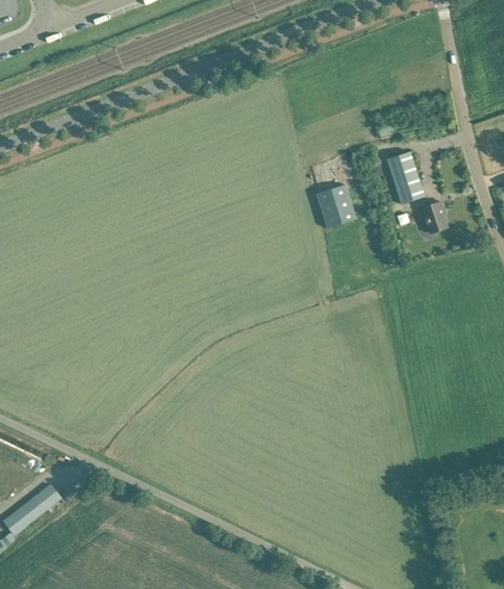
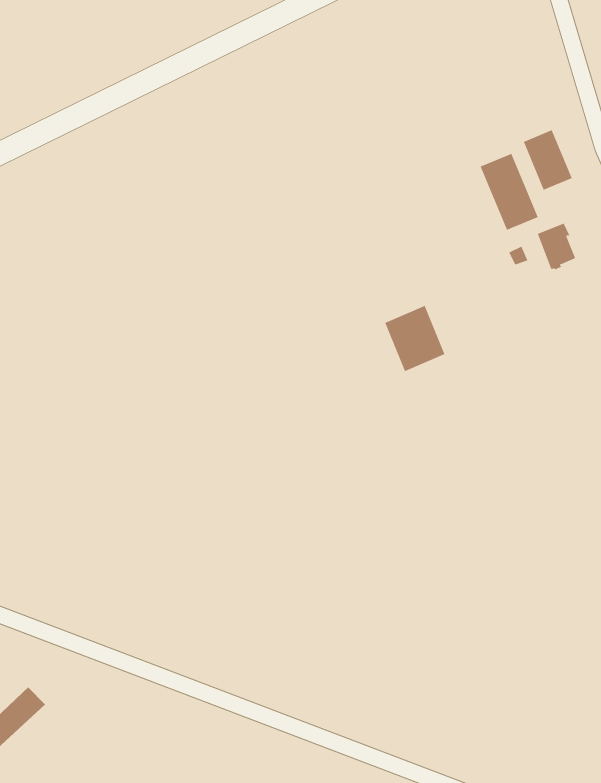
building: none -> [523,129,573,191]
building: [316,183,356,227] -> [384,305,445,372]

